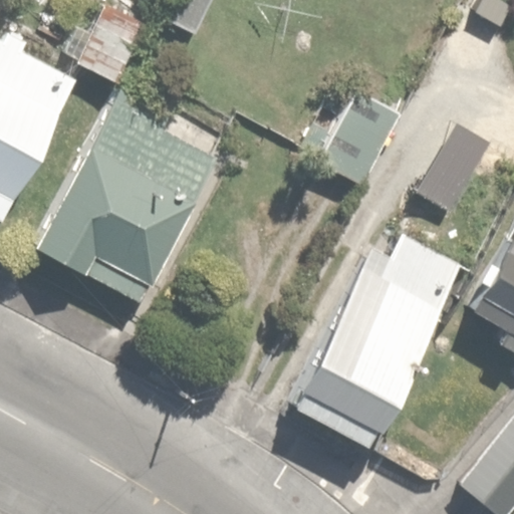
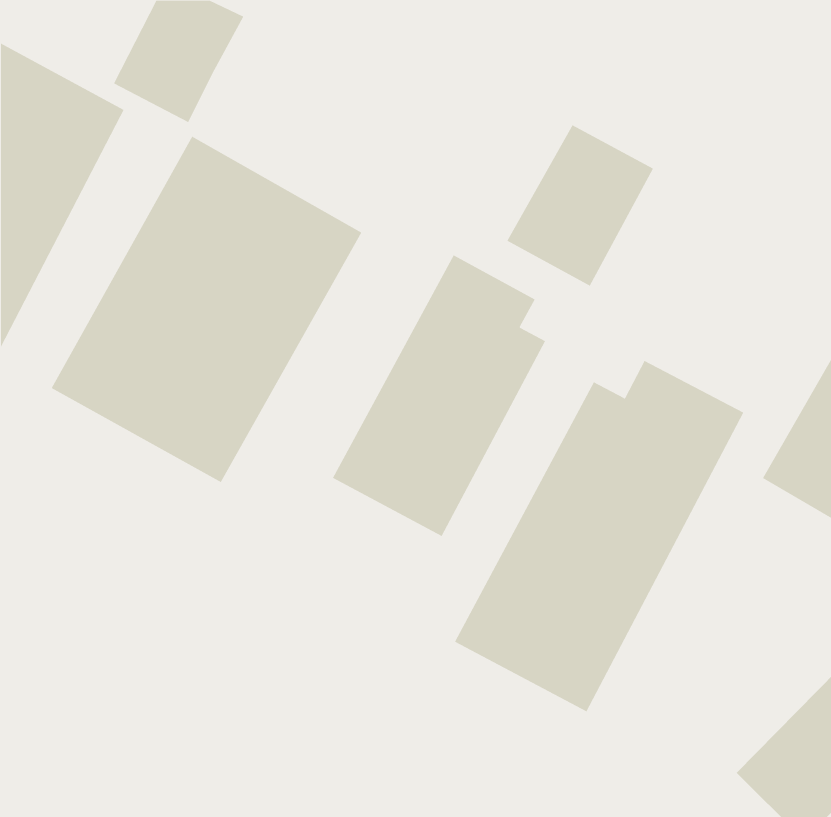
building: none -> [332,255,546,537]

